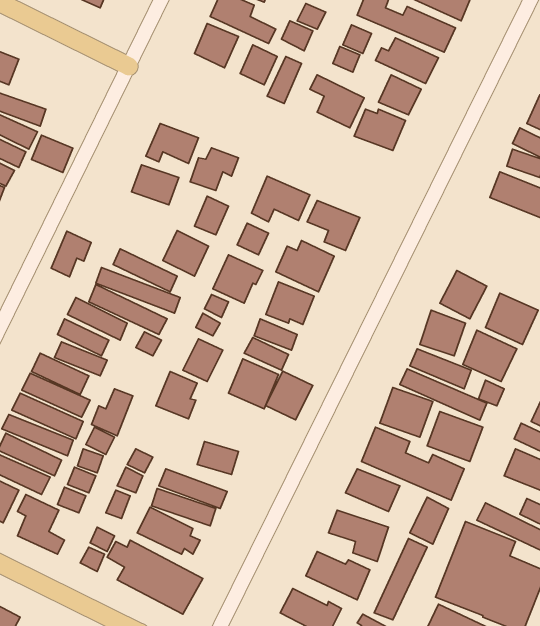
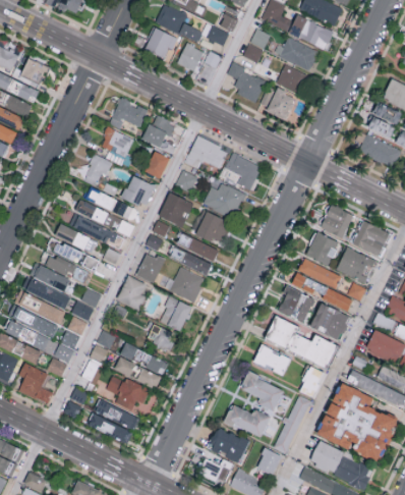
building: [31,135,73,172] -> [20,58,50,85]
building: [51,231,91,277] -> [83,154,112,186]
building: [266,371,313,420] -> [159,296,192,331]

